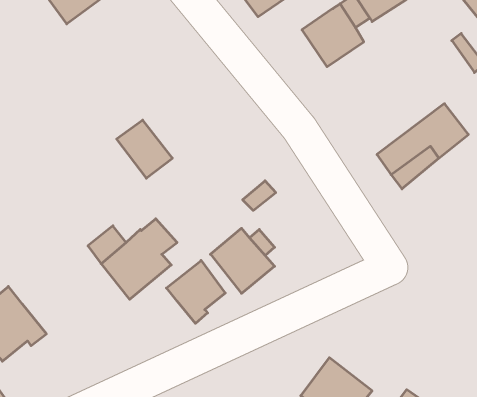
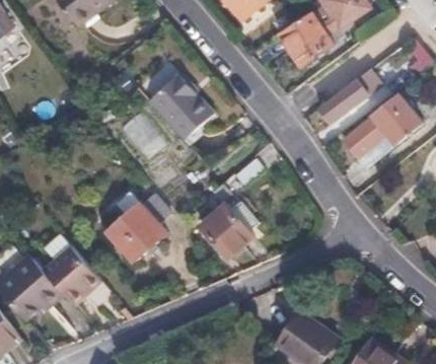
building: none -> [316,69,381,124]
building: none -> [148,72,213,139]
building: [166,260,225,323] -> none
building: none -> [40,243,99,305]

